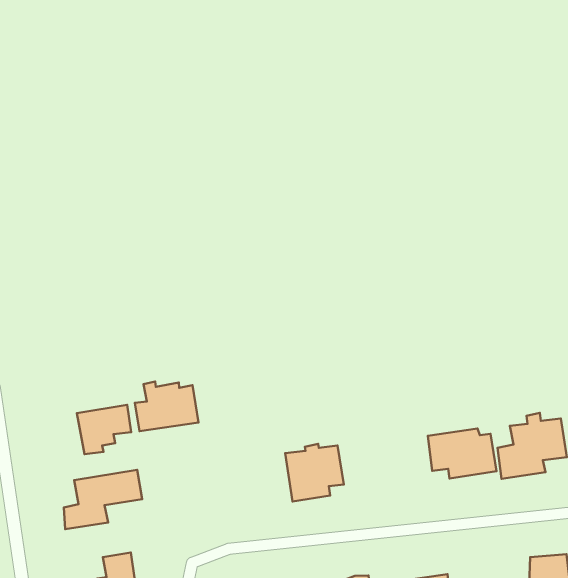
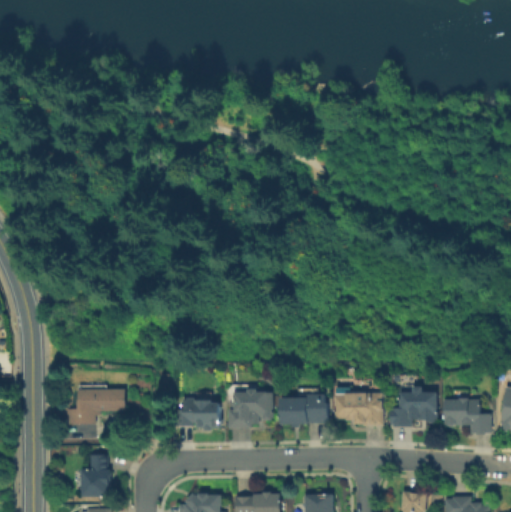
building: [135,381,199,431] -> [173,396,218,431]
building: [77,405,131,454] -> none
building: none -> [280,392,330,422]

